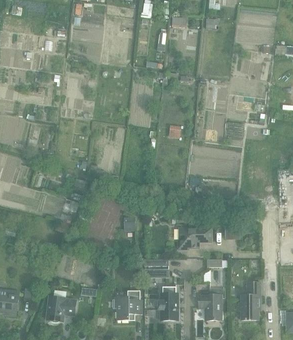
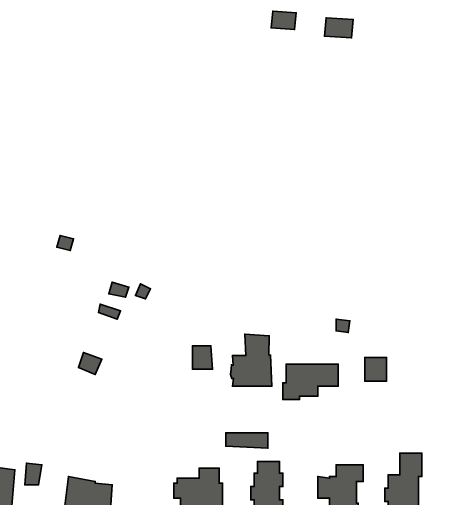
building: none -> [231,334,272,386]

